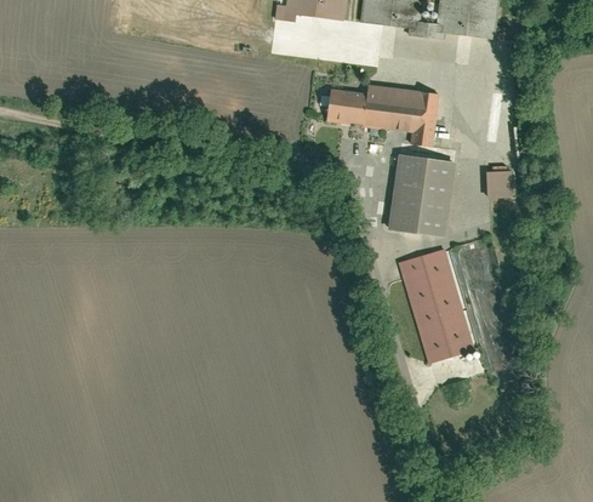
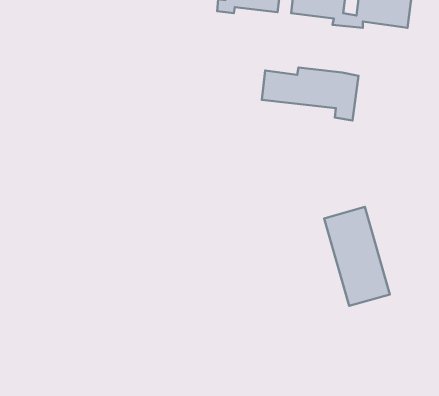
building: [388,152,457,235] -> none
building: [486,170,513,198] -> none

